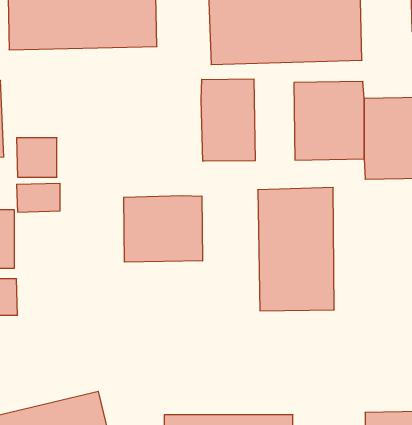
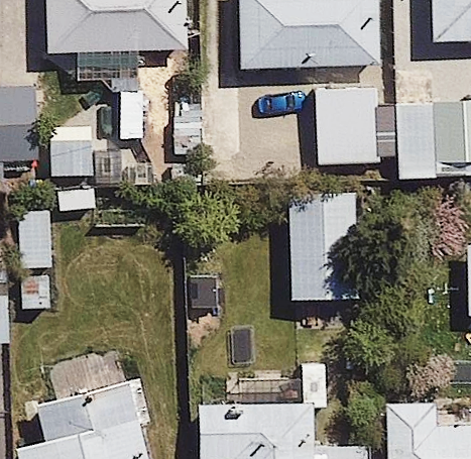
building: [201,79,255,161] -> none
building: [124,196,202,262] -> none

